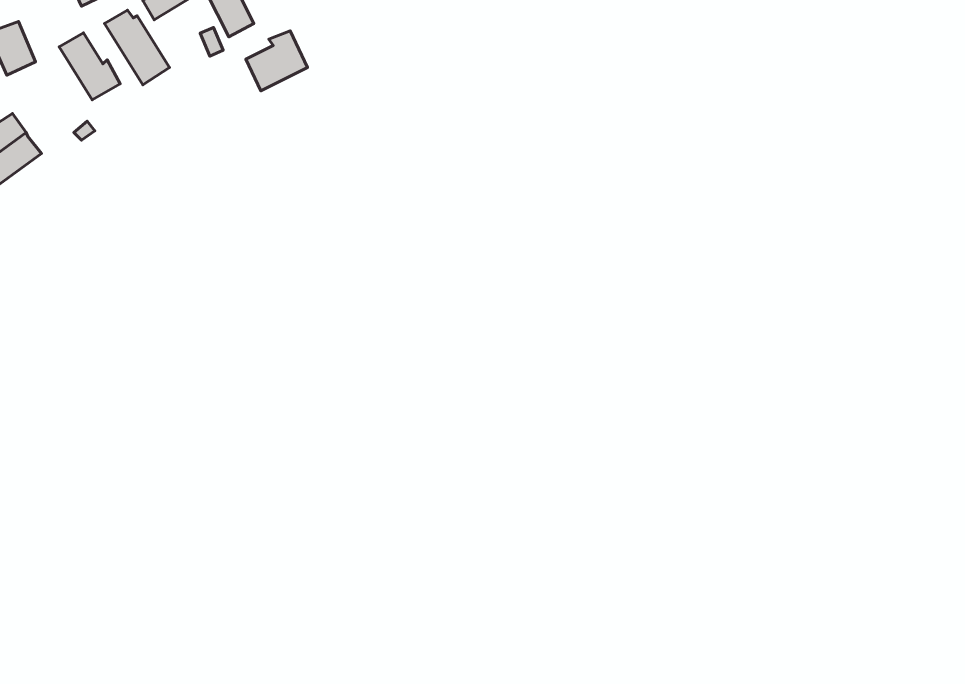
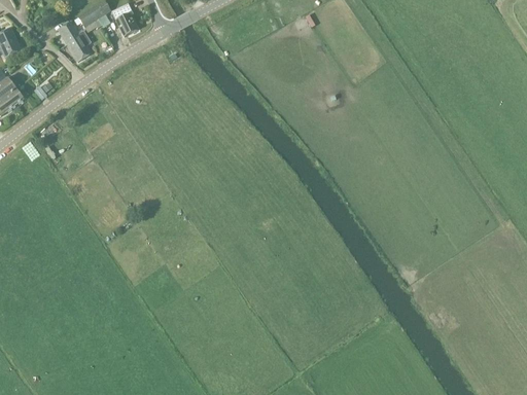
building: [246,31,307,91] -> none
building: [59,33,120,100] -> none

